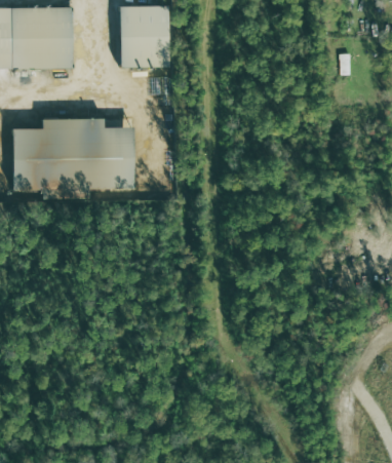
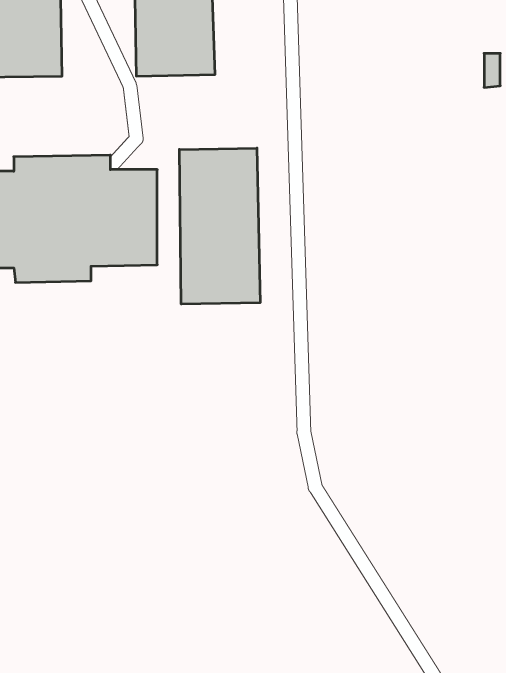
building: none -> [179,148,260,304]

